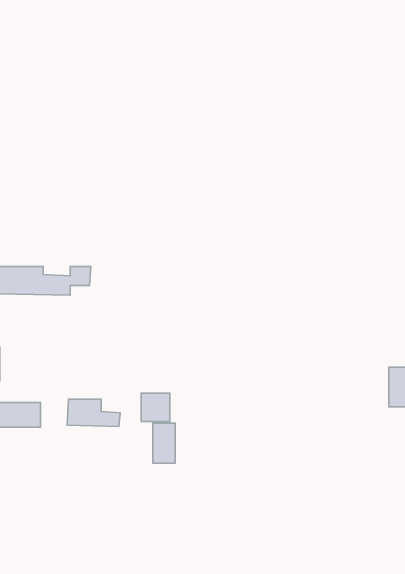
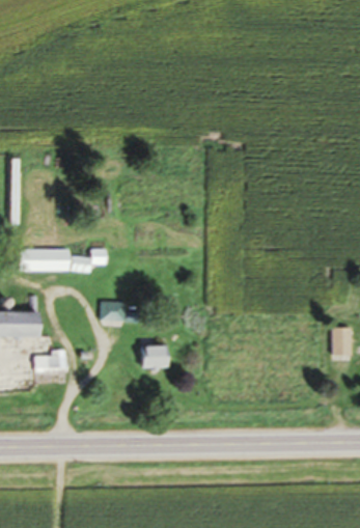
building: [67,399,120,426] -> [100,302,140,323]
building: [153,423,175,463] -> none

